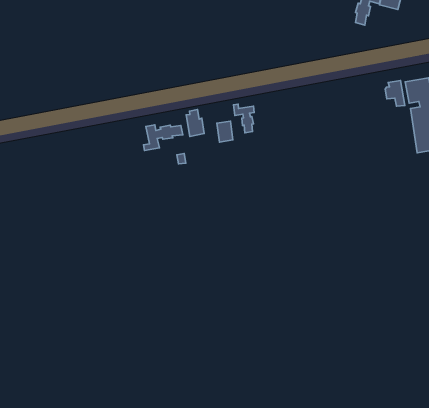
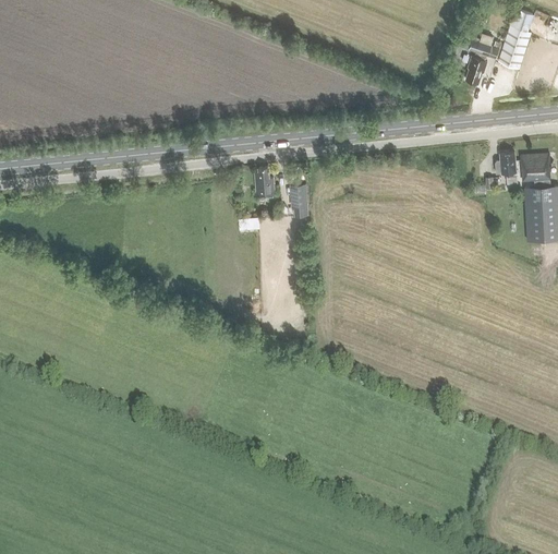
building: [233,104,254,133] -> none
building: [144,125,183,150] -> none

